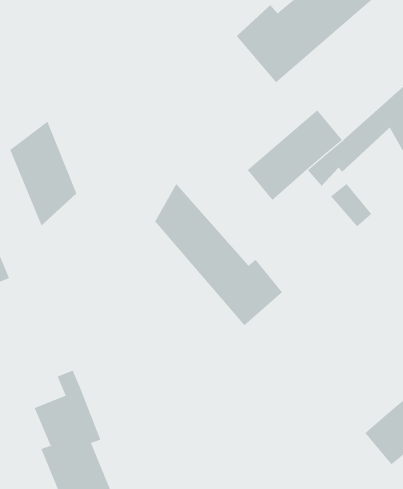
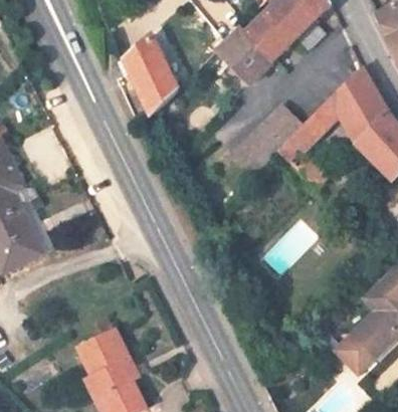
building: [9,121,77,226] -> [124,34,178,116]
building: [155,183,283,326] -> none

